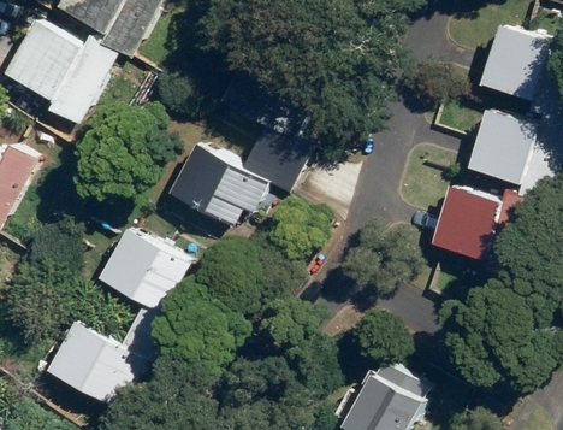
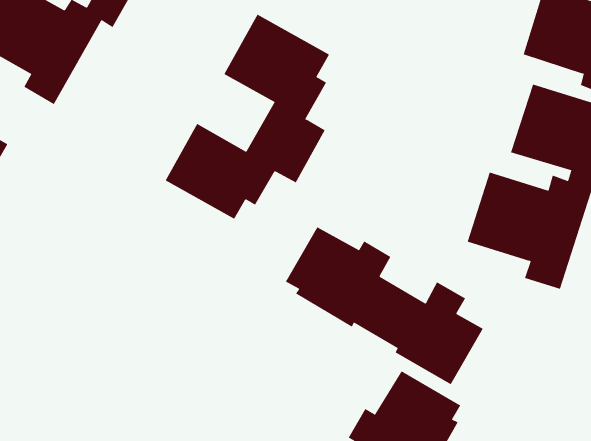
building: [47,228,188,404] -> none
building: none -> [285,226,483,385]

